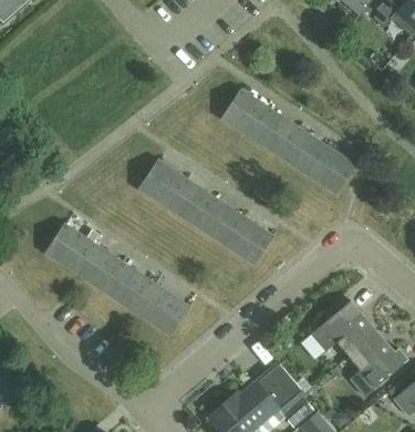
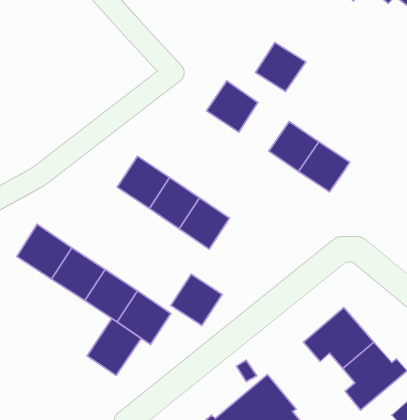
building: [251,110,298,155] -> [256,43,306,92]
building: [224,217,271,265] -> [171,274,222,326]
building: none -> [87,319,141,376]

